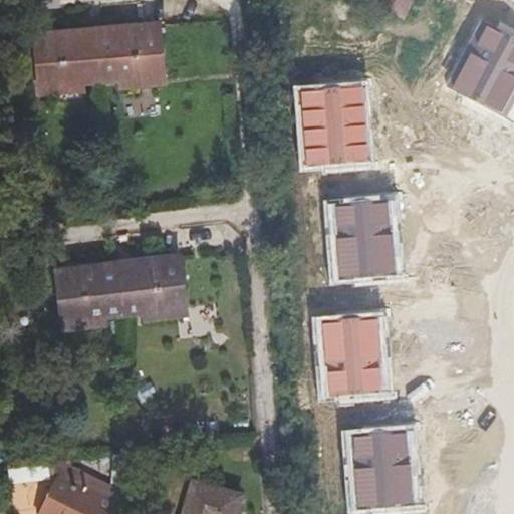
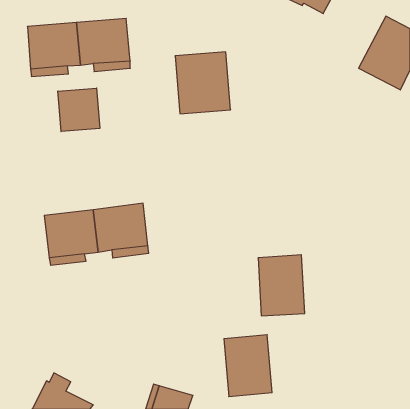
building: [299,85,368,163] -> [175,52,231,114]
building: none -> [58,88,100,132]
building: [333,199,394,277] -> none
building: [350,429,411,506] -> [224,335,272,397]

